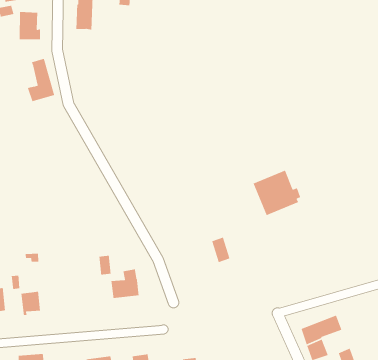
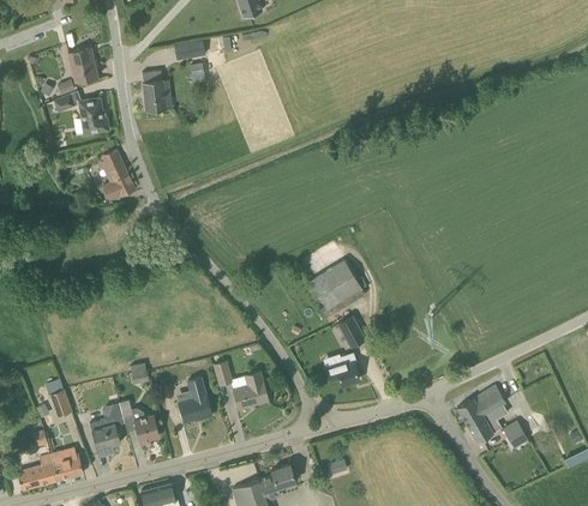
building: [253,169,301,216] -> [310,259,367,315]
building: none -> [325,353,359,385]
building: none -> [179,378,212,422]

